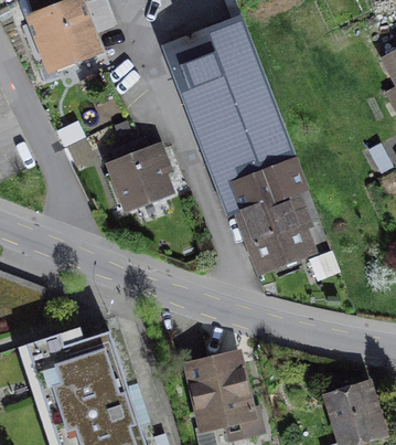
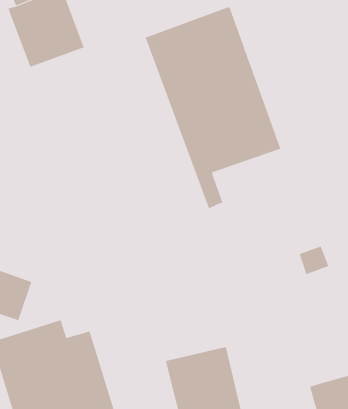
building: [100,141,174,215] -> none
building: [228,156,320,274] -> none

